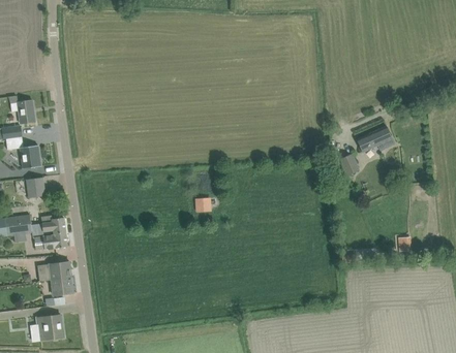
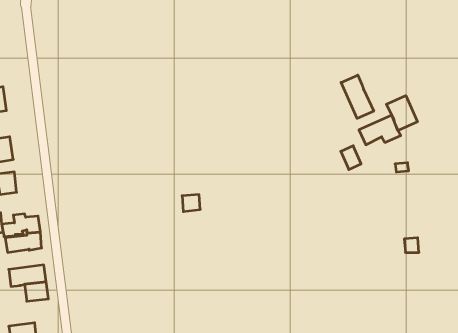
building: none -> [341,75,374,118]
building: none -> [386,96,417,130]

